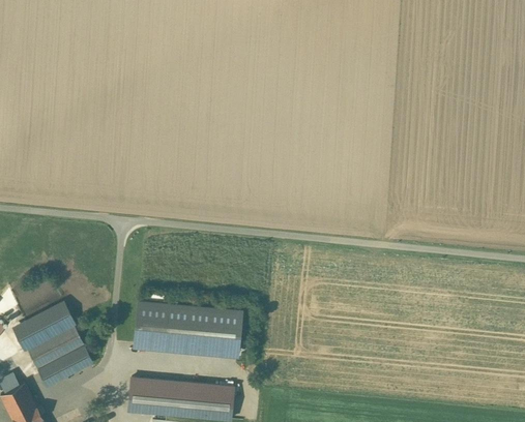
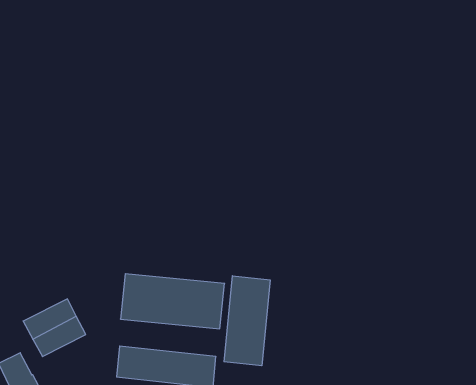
building: [11,301,75,352] -> none
building: none -> [224,276,270,366]

